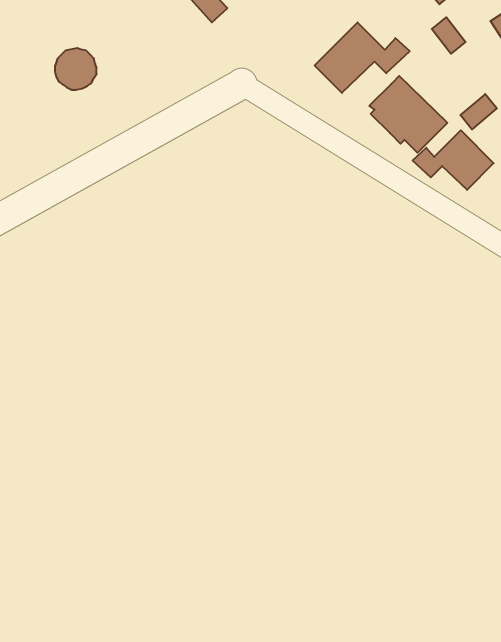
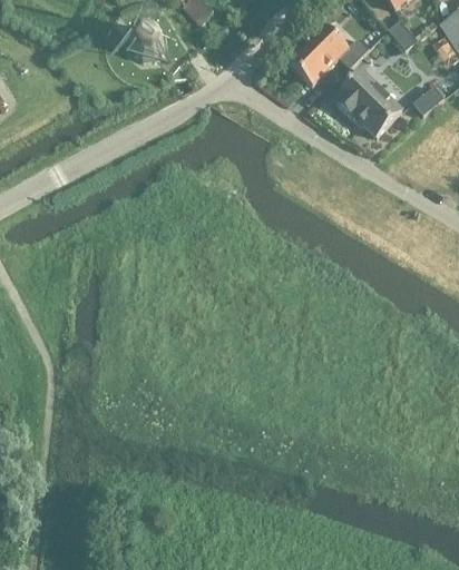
building: [55,48,97,90] -> [129,22,165,58]
building: [413,130,494,190] -> none

